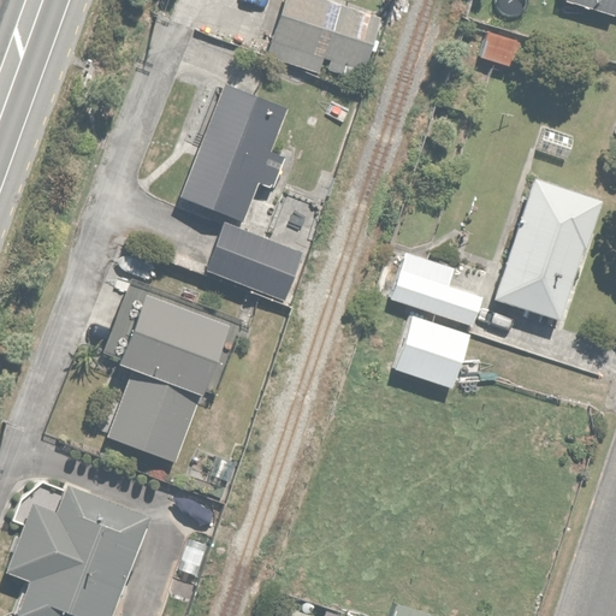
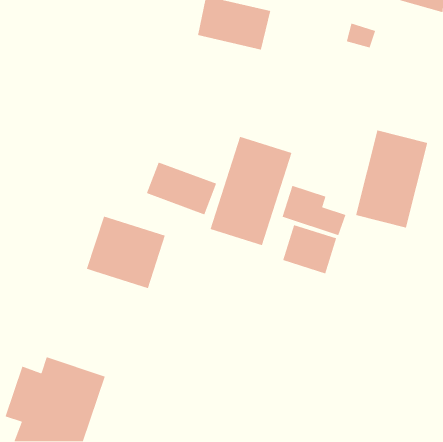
building: [189,91,282,212] -> none
building: none -> [210,136,292,246]
building: [109,377,201,463] -> none

